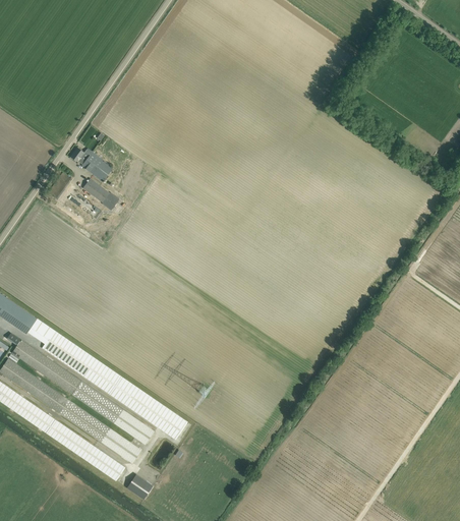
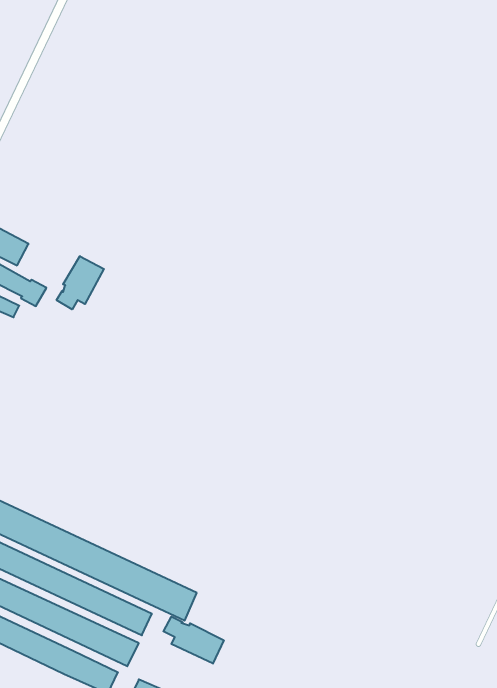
building: none -> [57,256,104,309]
building: none -> [163,617,224,664]

